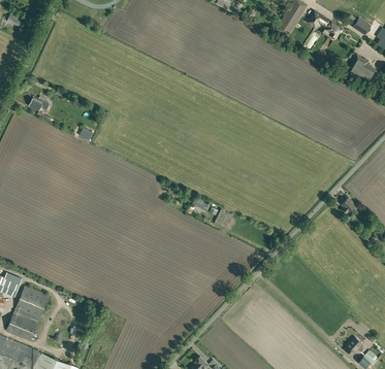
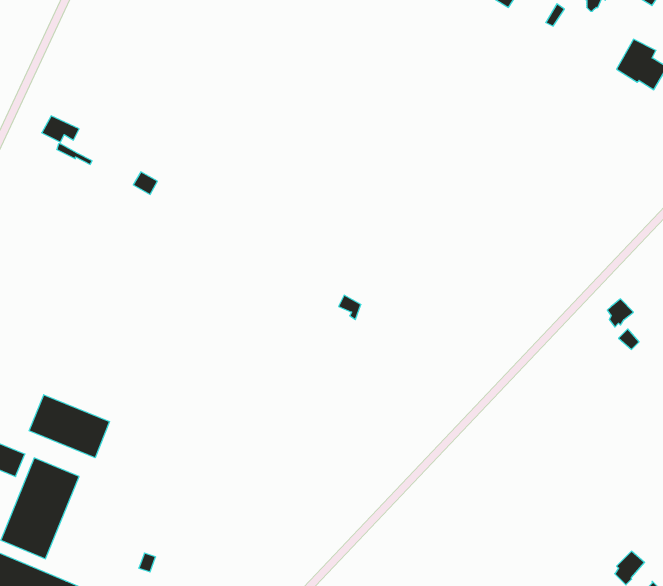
building: none -> [29,395,109,458]

